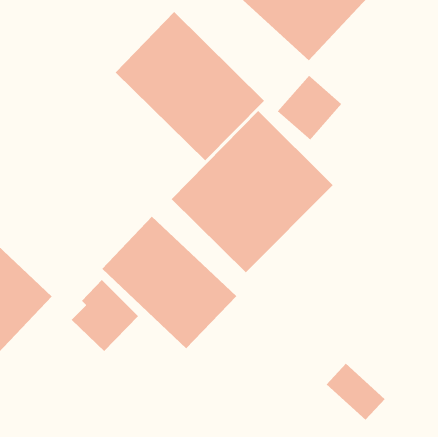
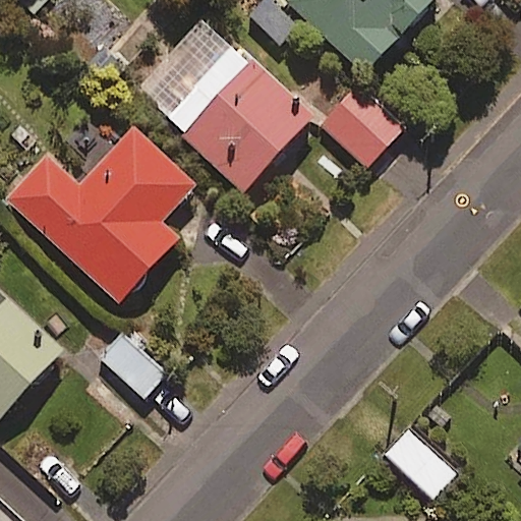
building: none -> [6,126,193,302]
building: [171,110,333,273] -> none
building: [102,216,237,349] -> none

